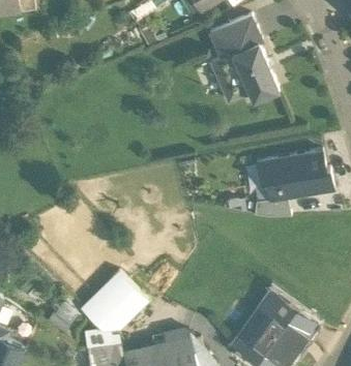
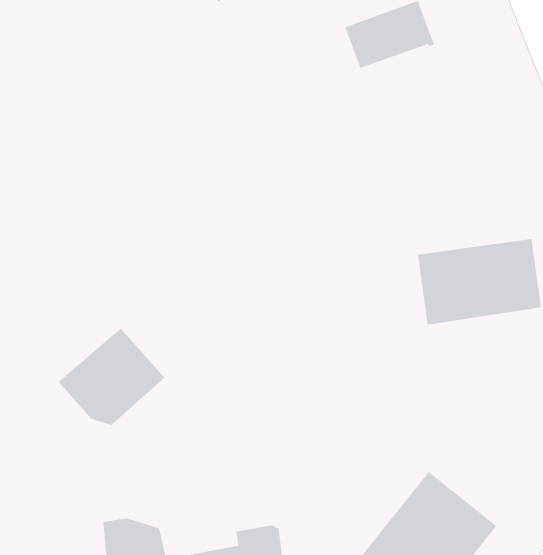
building: [210,40,279,102] -> none
building: [81,276,144,334] -> [58,328,165,426]

